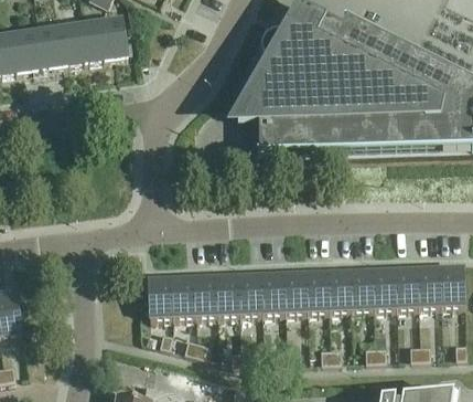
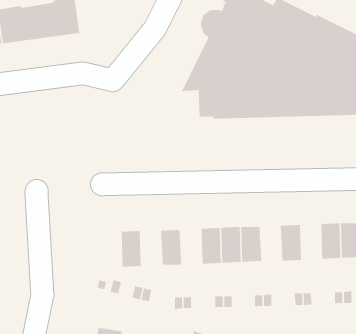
building: [372,267,395,308] -> none
building: [326,269,351,309] -> none
building: [237,273,261,314] -> none
building: [193,275,217,315] -> none
building: [148,276,172,317] -> none

